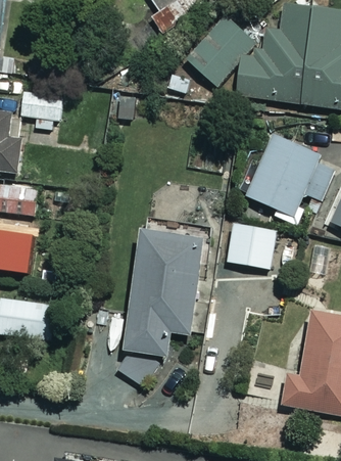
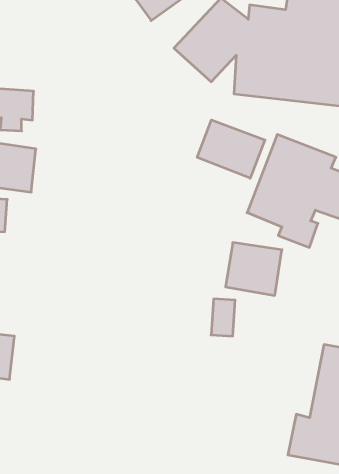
building: none -> [197,120,265,178]
building: [117,226,203,387] -> none

